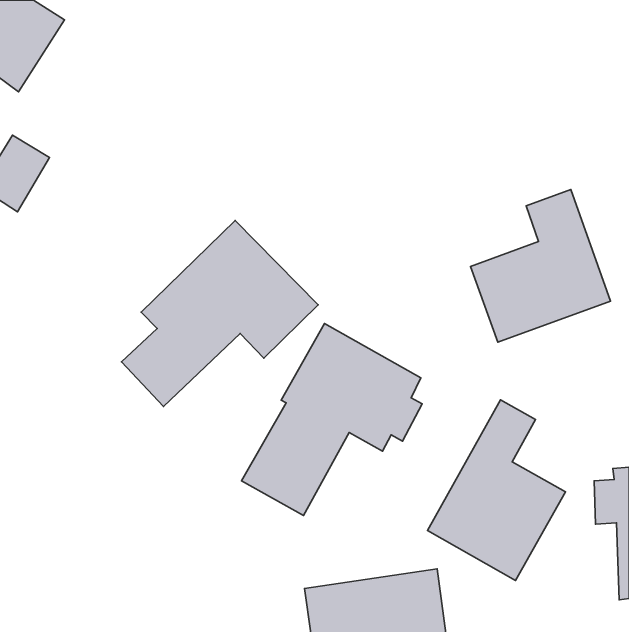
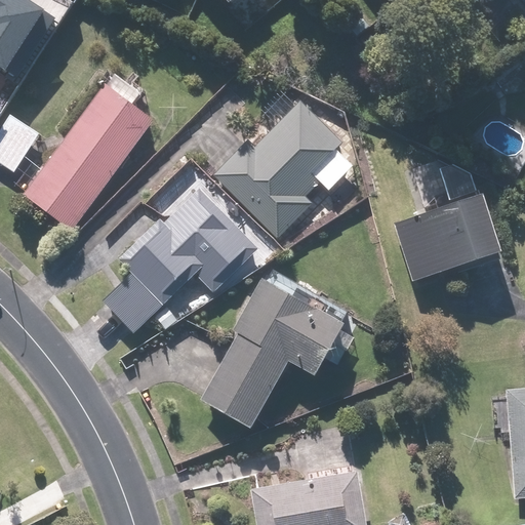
building: none -> [24,73,155,232]
building: none -> [211,100,353,241]
building: [428,400,565,580] -> none

